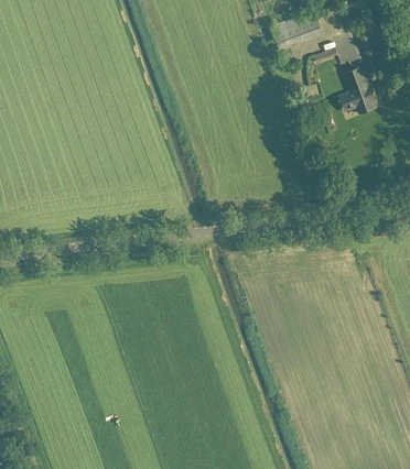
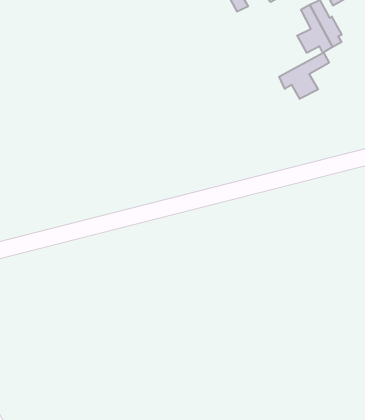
building: none -> [279,52,329,99]

